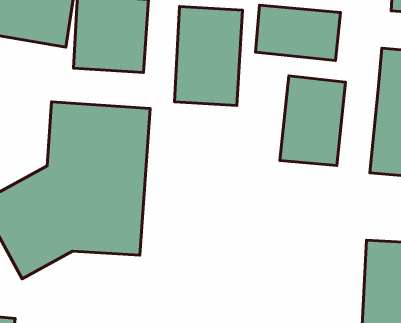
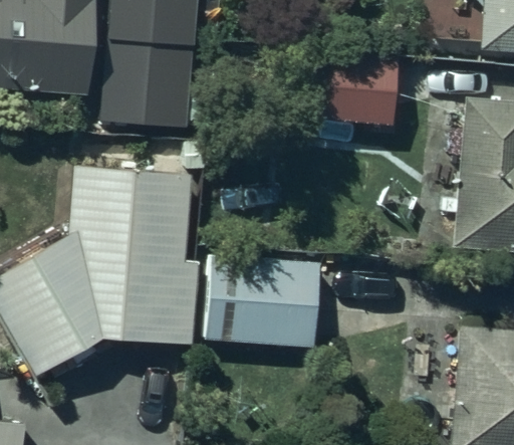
building: [175,6,243,105] -> none
building: [280,76,345,166] -> none
building: none -> [201,250,315,347]

